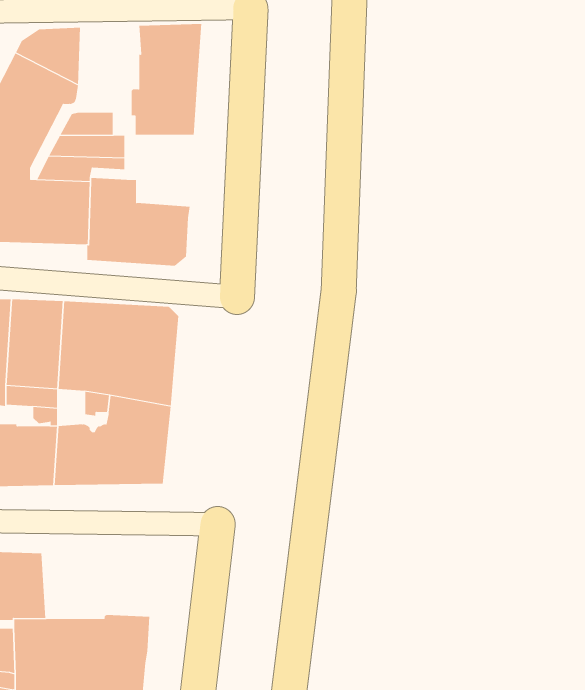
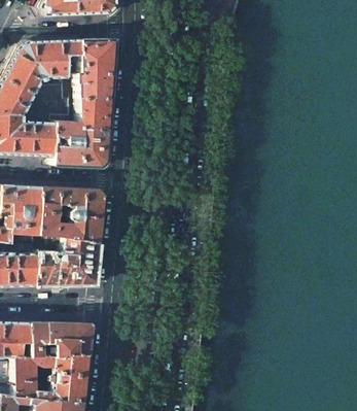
building: none -> [49,39,83,78]
building: none -> [80,98,112,136]
building: none -> [31,321,93,356]

